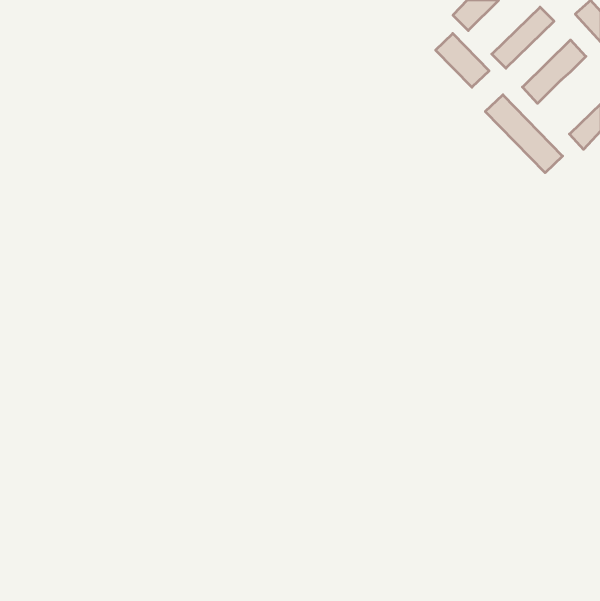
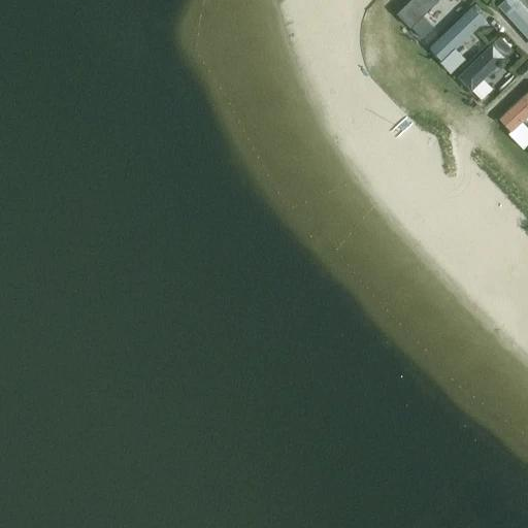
building: [436,33,489,87] -> none
building: [485,95,563,173] -> none

